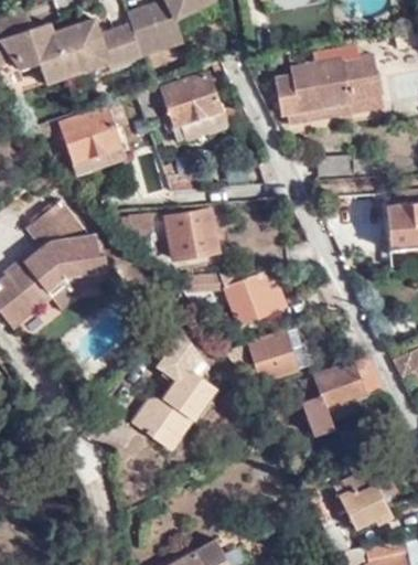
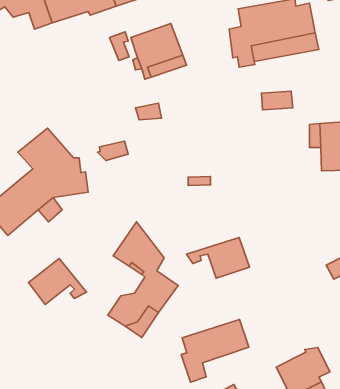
building: [57,106,126,175] -> none
building: [164,209,218,259] -> none
building: [169,270,285,324] -> none
building: none -> [28,258,86,304]
building: [298,359,378,434] -> [181,319,249,382]

